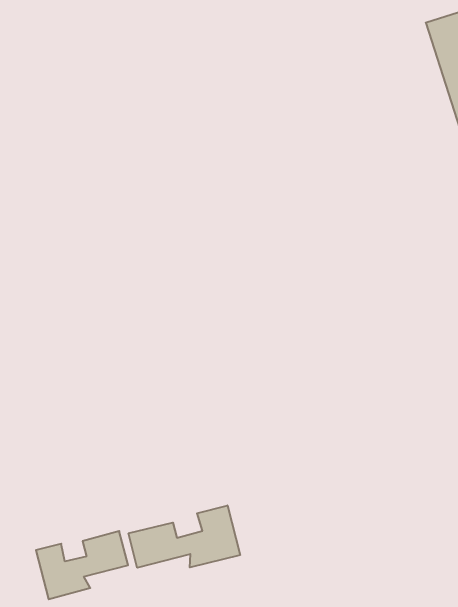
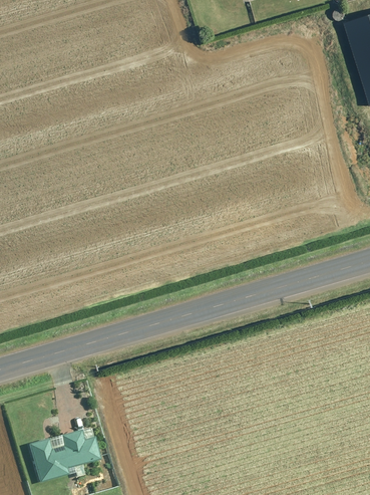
building: [129,505,240,568] -> none

